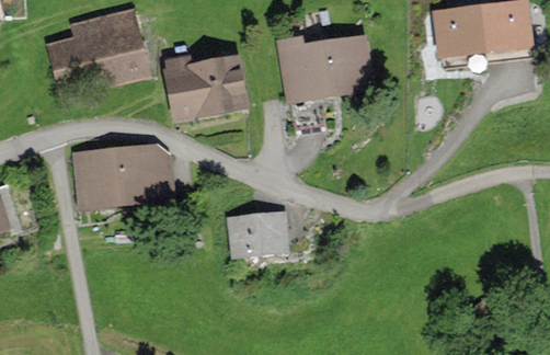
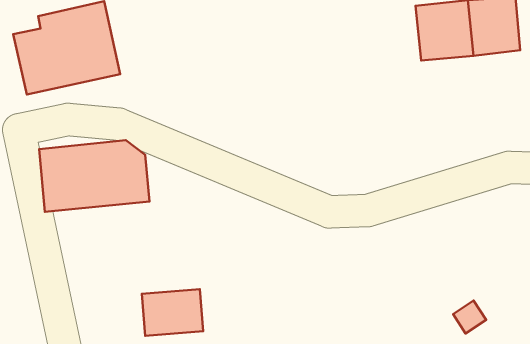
building: [280,35,370,98] -> none
building: [168,54,247,119] -> none
building: [229,210,288,255] -> [142,289,203,336]

